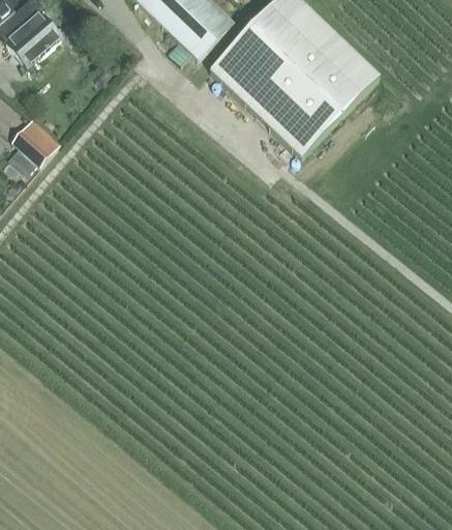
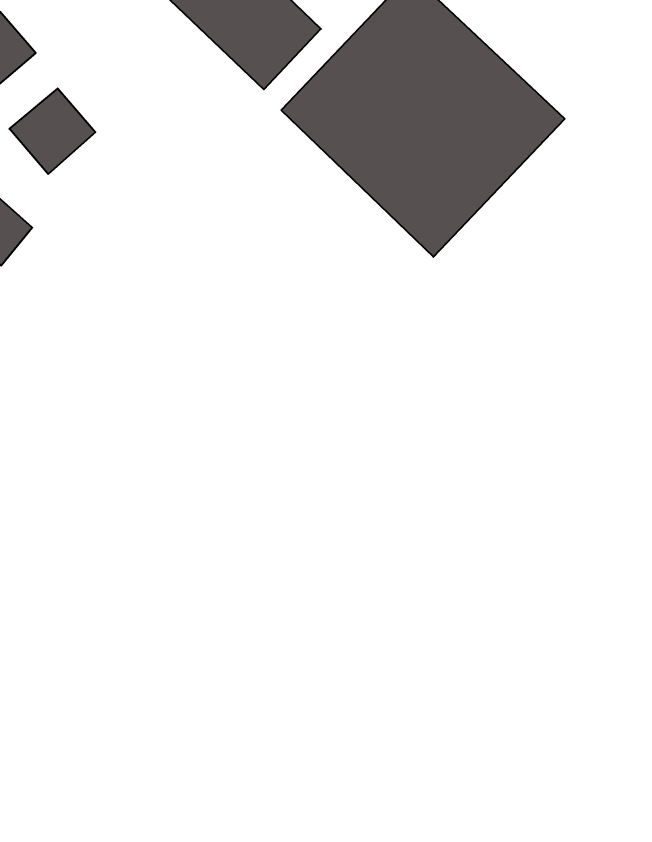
building: none -> [9,88,95,174]

